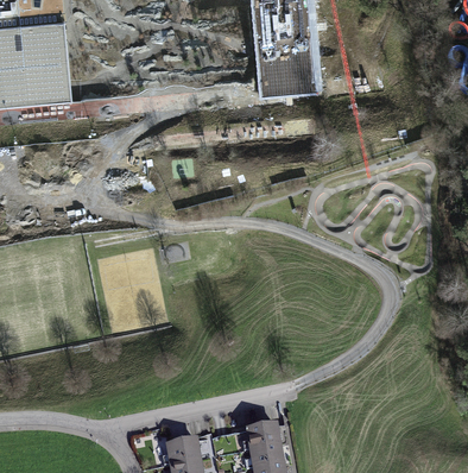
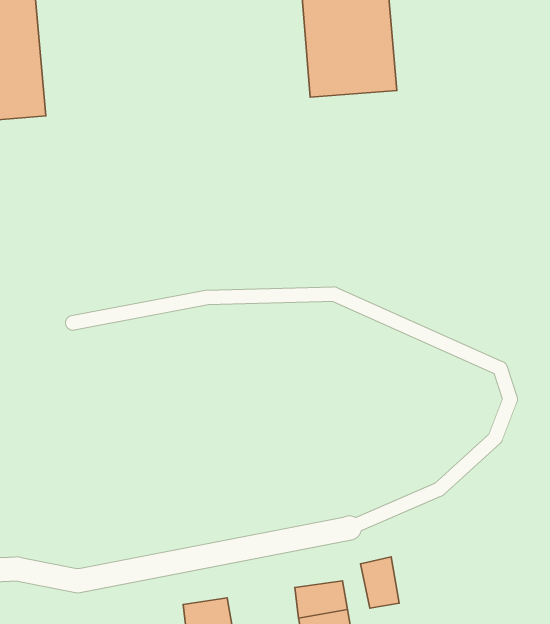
building: none -> [361,557,399,608]

